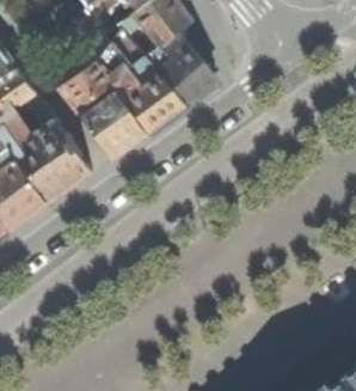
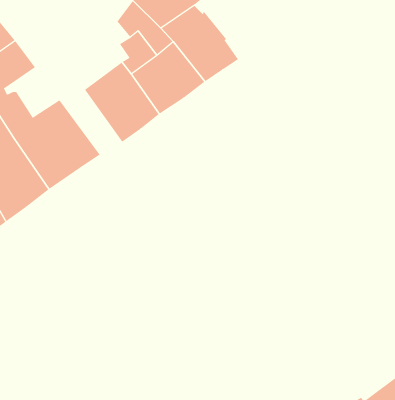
building: [59,60,117,112] -> none

